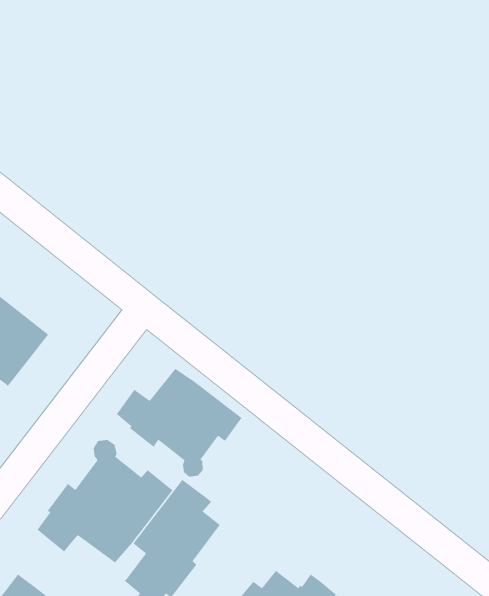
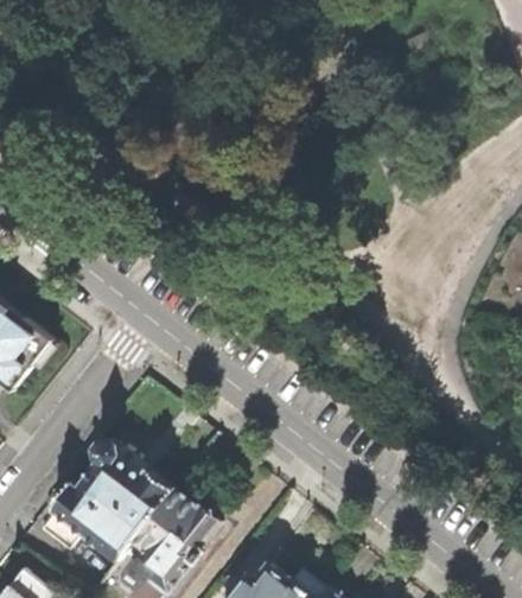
building: [116,368,243,477] -> none

